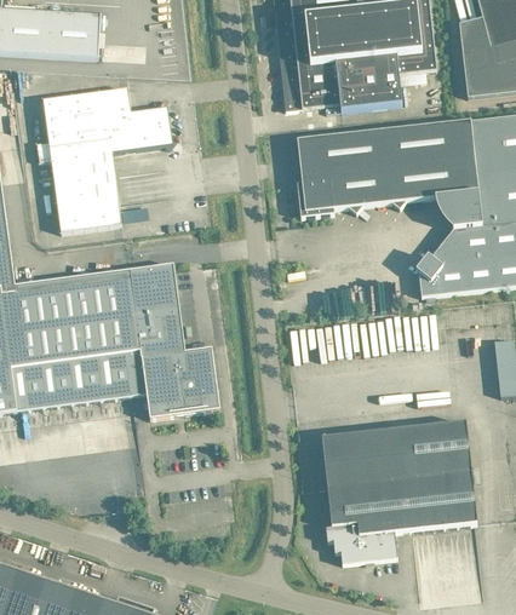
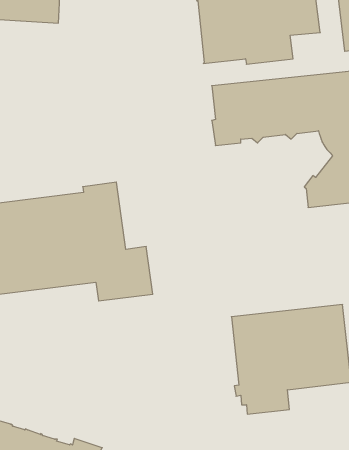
building: [38,87,176,231] -> none

